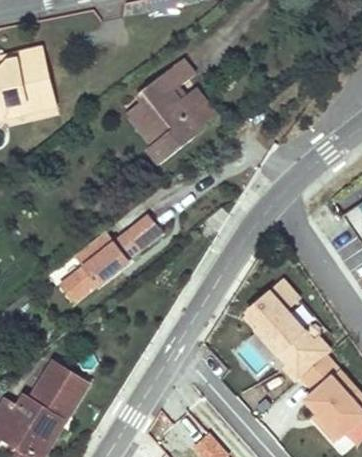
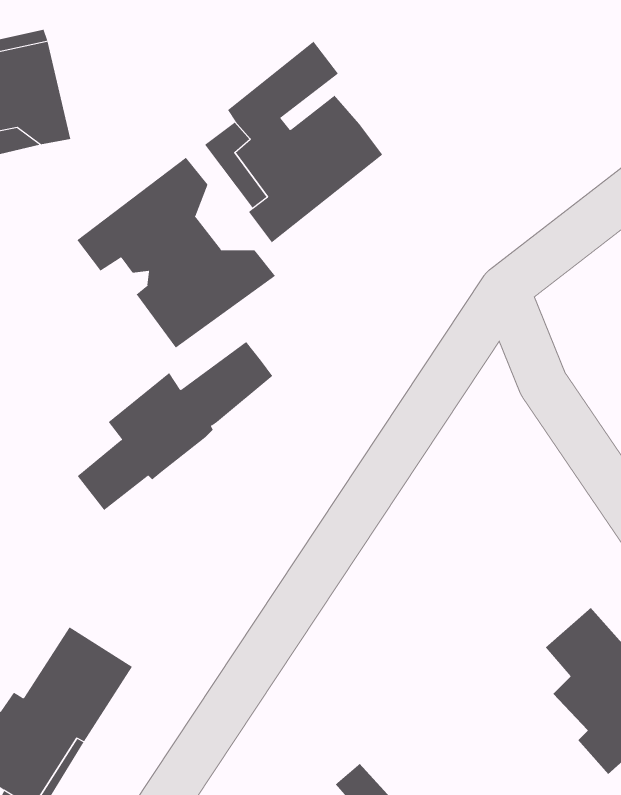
building: none -> [77,157,276,348]
building: [243,278,331,380] -> none

